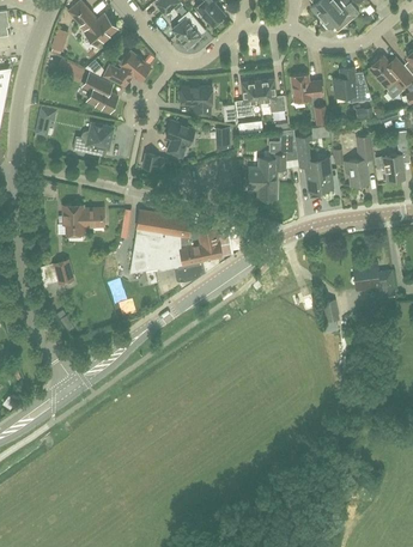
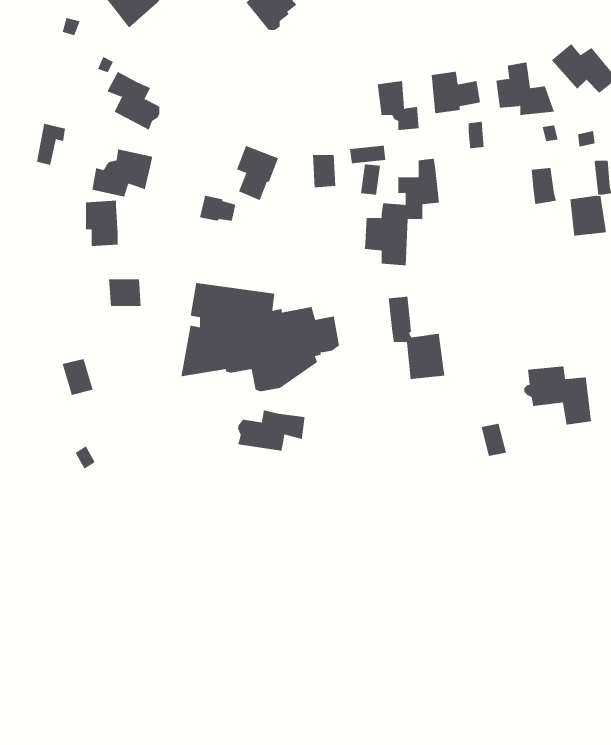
building: [103,53,148,86] -> none
building: [235,81,259,116] -> none
building: [180,84,211,115] -> none
building: [294,135,332,189] -> [388,296,445,380]
building: [345,158,369,184] -> none
building: [62,203,84,233] -> [85,200,119,247]
building: none -> [237,410,305,452]

